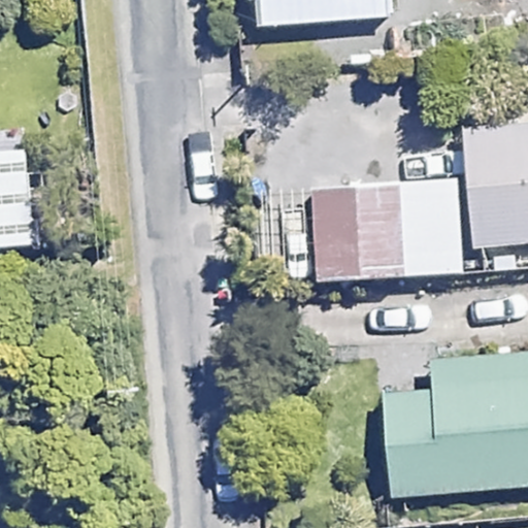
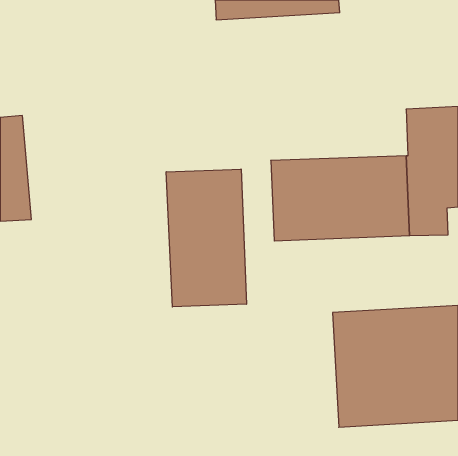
building: none -> [166,169,246,307]

